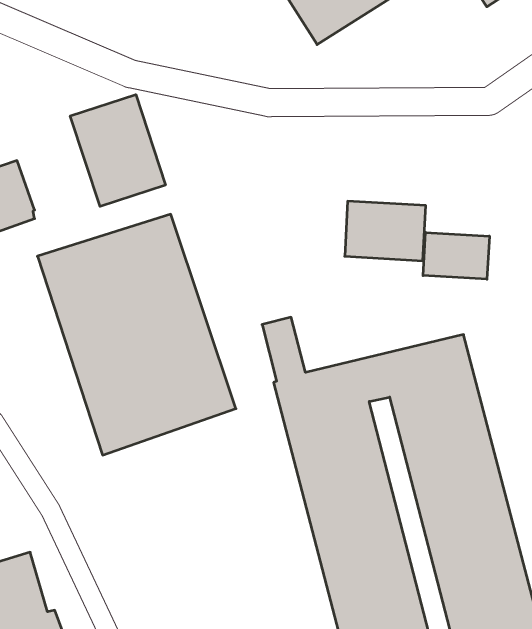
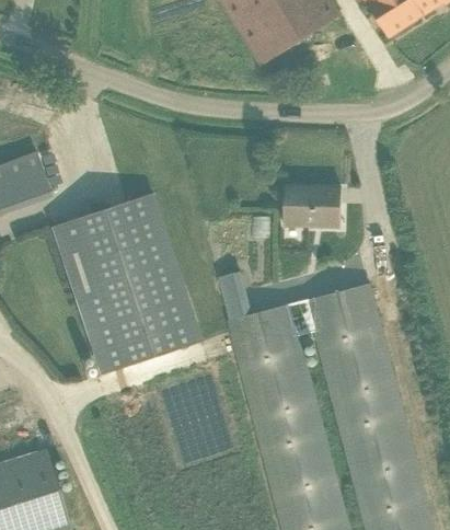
building: [70,95,165,206] -> none
building: [423,232,489,279] -> none

